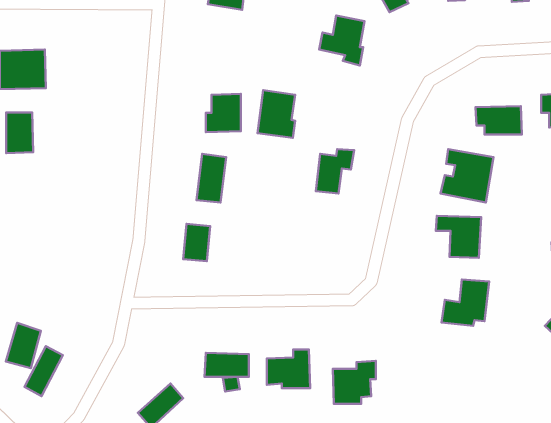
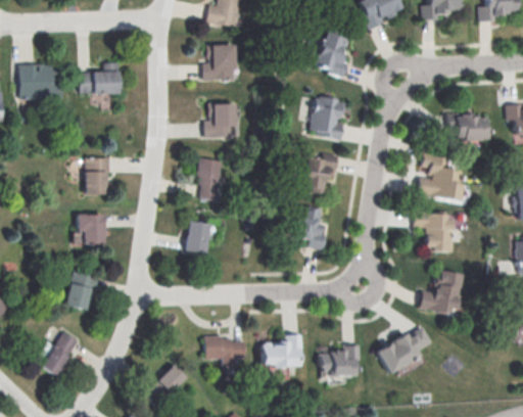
building: none -> [203,45,236,81]
building: none -> [80,62,120,94]
building: [258,90,295,138] -> [311,96,344,139]
building: [6,113,33,153] -> [85,158,109,195]
building: none -> [295,206,325,248]
building: none -> [77,214,104,244]
building: [6,323,41,368] -> [64,270,96,311]
building: none -> [375,327,430,372]

